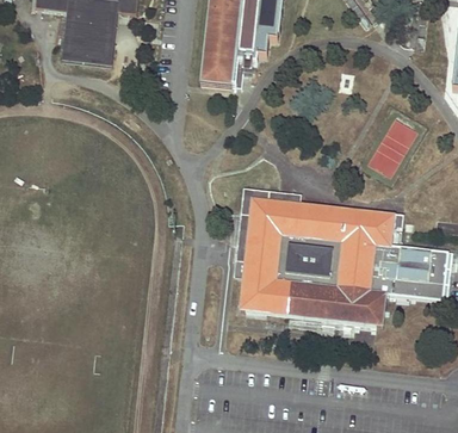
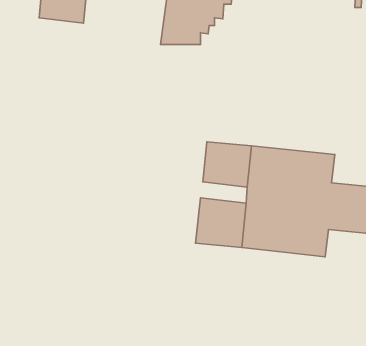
building: [243,242,296,266] -> none

